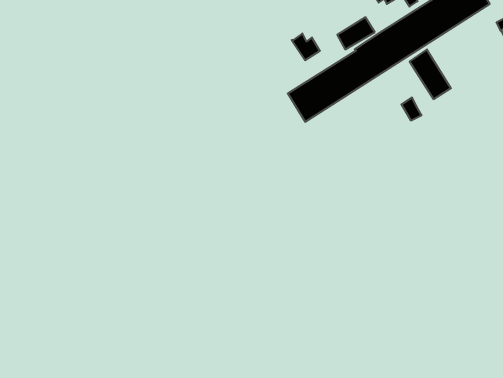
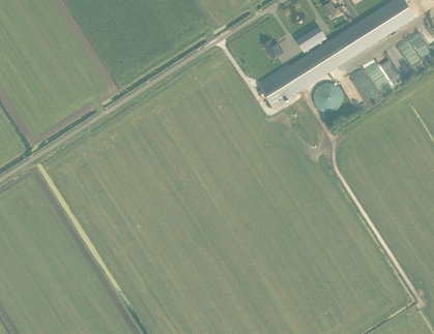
building: none -> [314,82,343,112]

